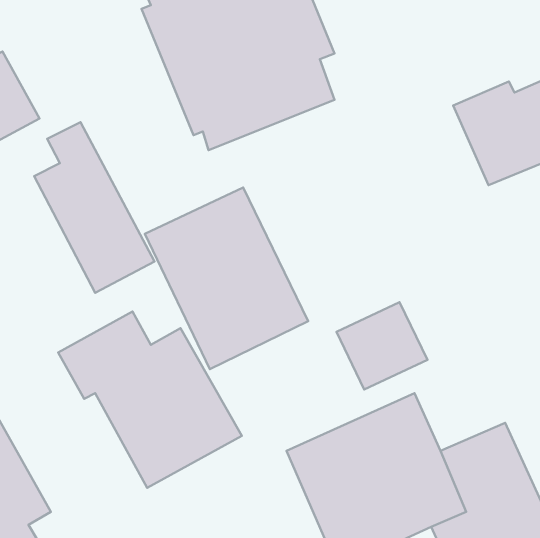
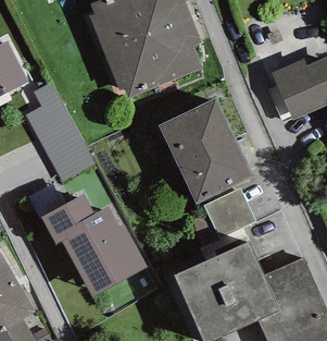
building: [145,187,308,369] -> [158,97,253,204]

